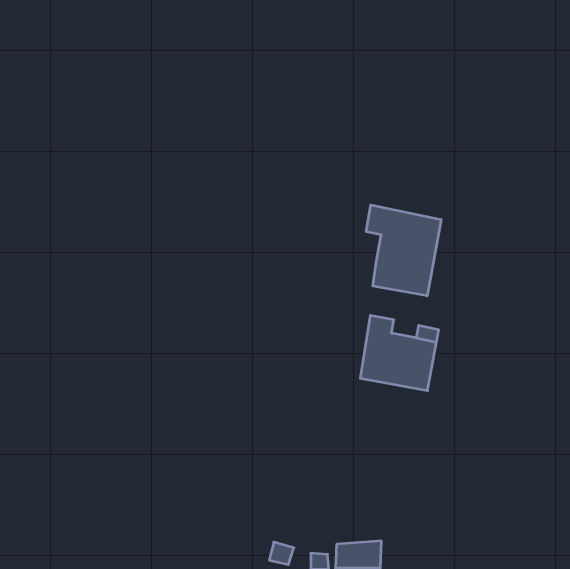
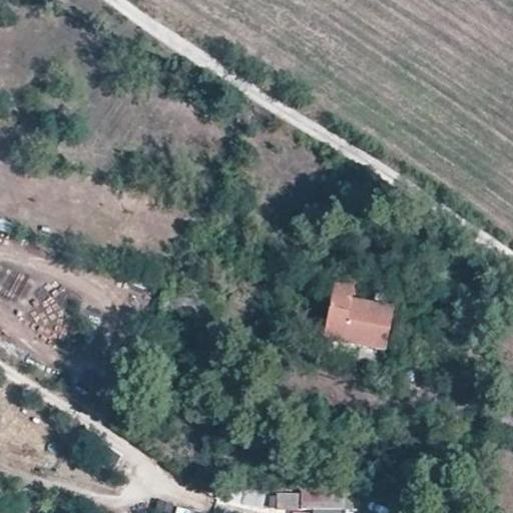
building: [366,205,441,296] -> none

